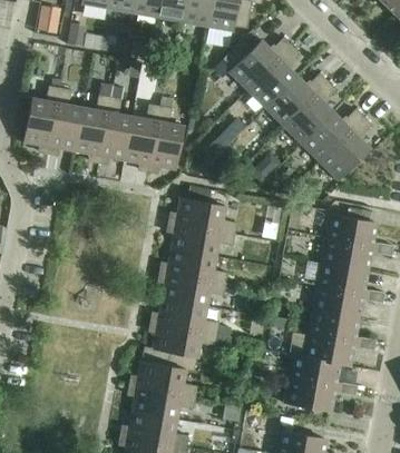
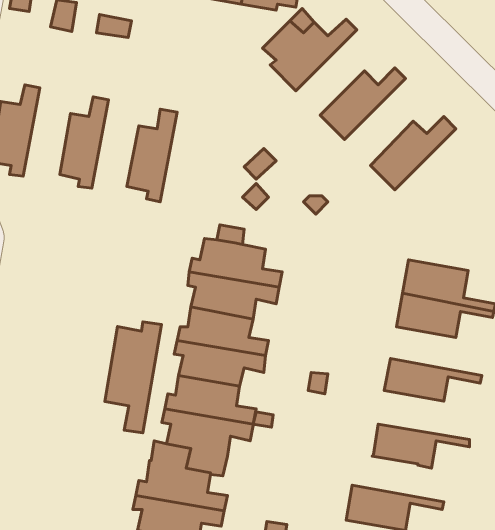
building: [248,46,301,108] -> none
building: [284,81,338,145] -> none
building: [49,88,84,155] -> none
building: [99,97,134,164] -> none
building: [149,106,185,173] -> none
building: [321,118,373,180] -> none
building: none -> [105,322,162,433]
building: [318,263,386,298] -> none
building: [309,309,377,345] -> none
building: [290,354,358,391] -> none

